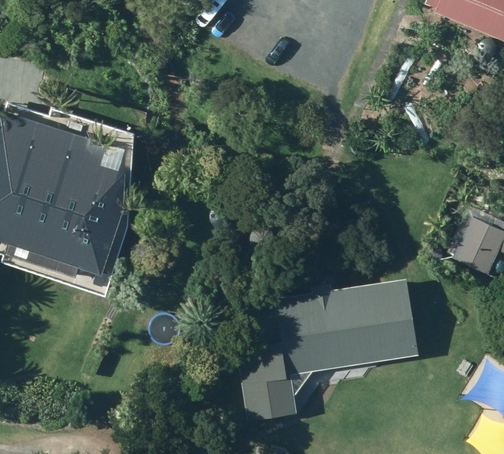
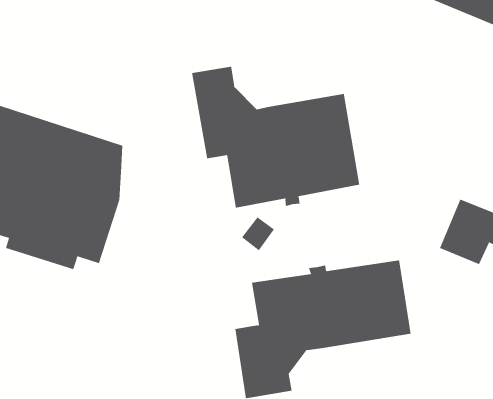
building: none -> [192,66,360,208]

